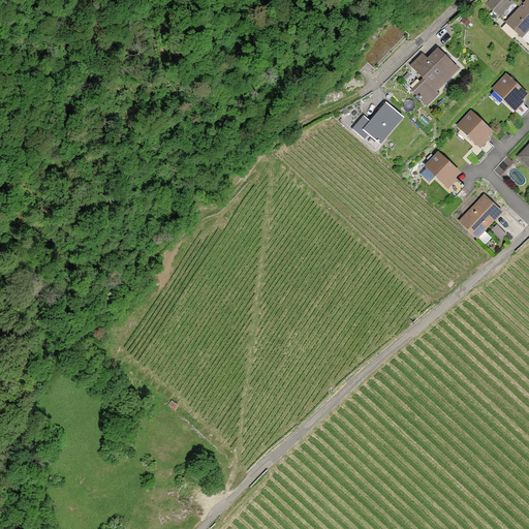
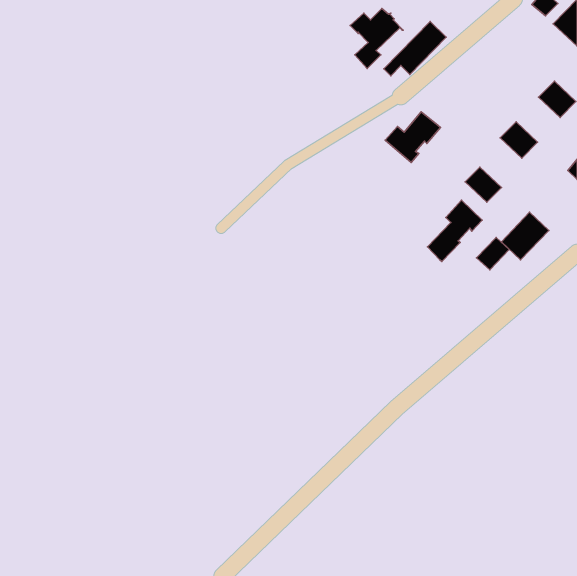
building: [410,50,459,104] -> [350,9,403,68]
building: none -> [427,200,482,262]
building: none -> [477,238,509,270]

